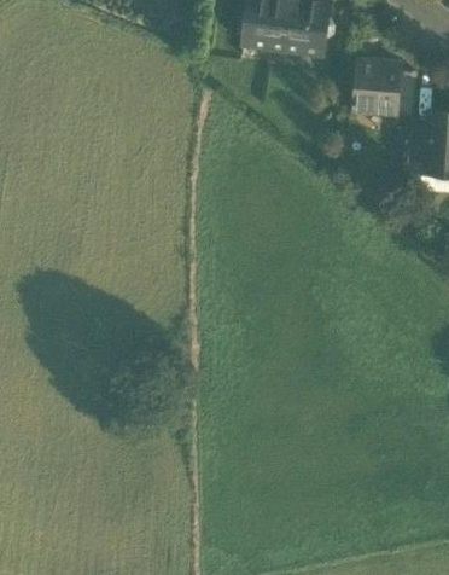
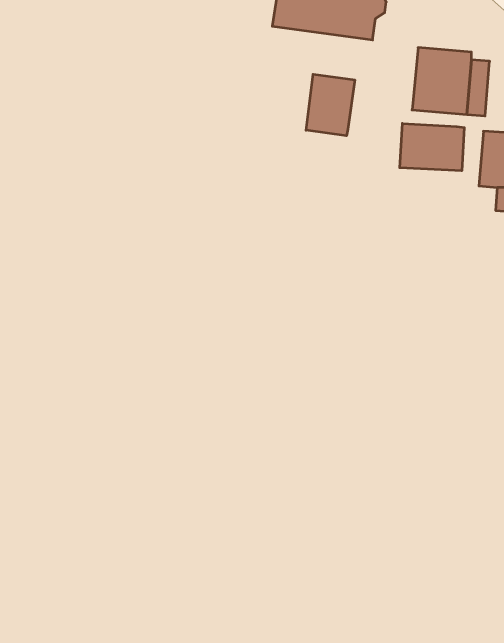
building: none -> [306,74,355,136]
building: none -> [400,123,464,171]

